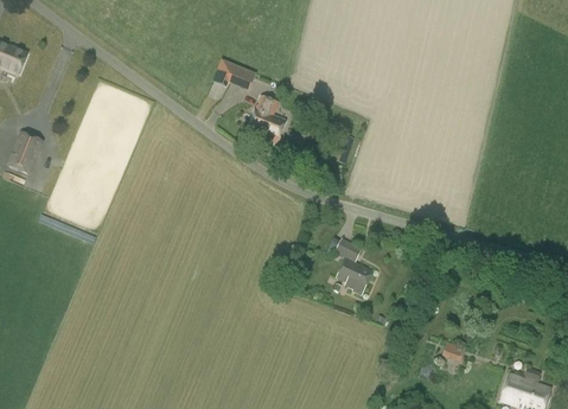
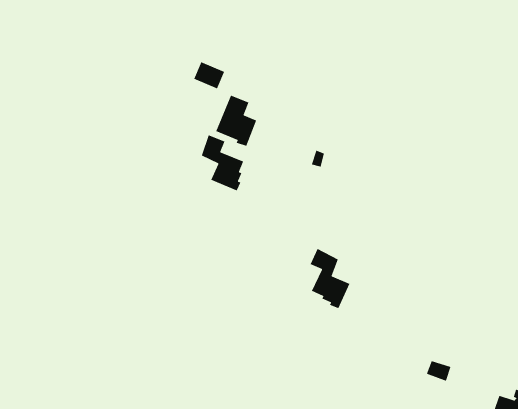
building: none -> [201,134,244,191]

